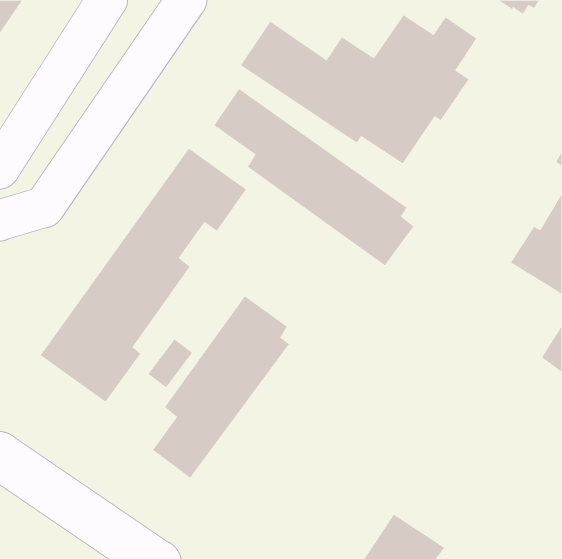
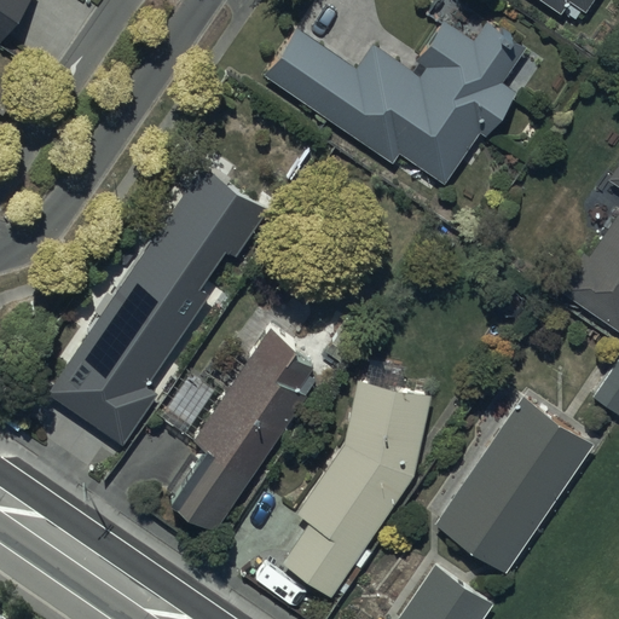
building: [213,88,414,266] -> none
building: none -> [280,359,430,596]
building: none -> [435,397,594,573]

